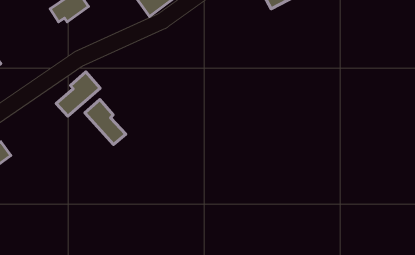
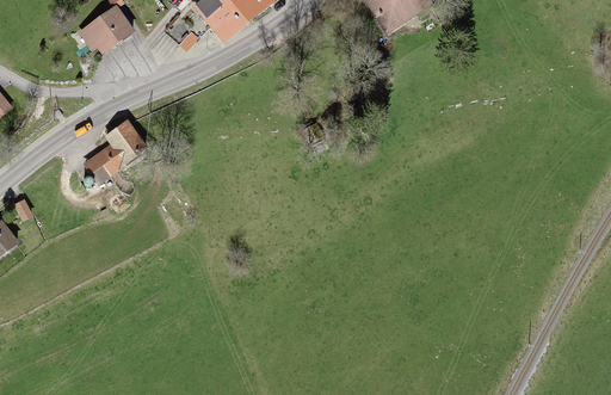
building: [85,100,126,145] -> none

